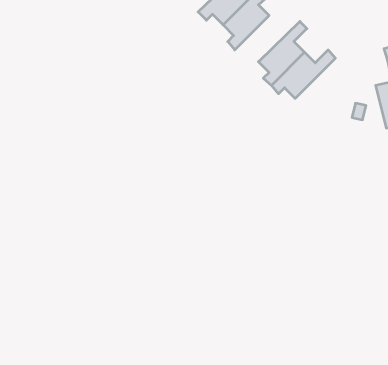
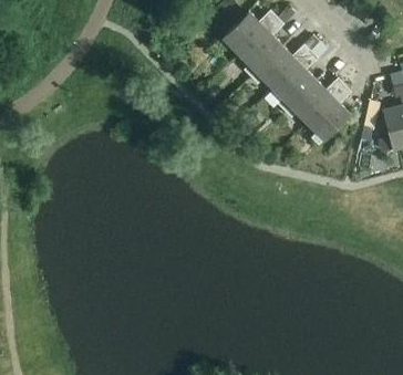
building: none -> [250,44,311,88]
building: none -> [307,85,351,145]

